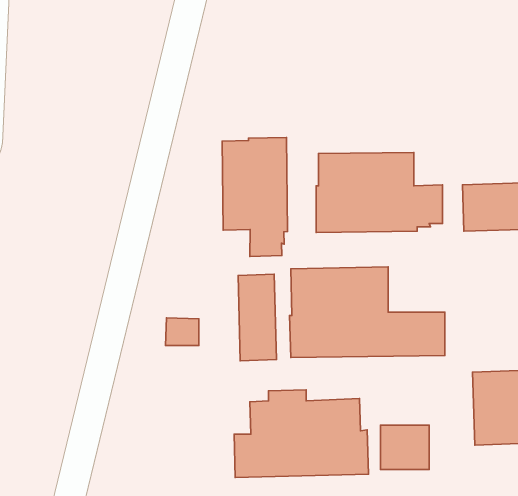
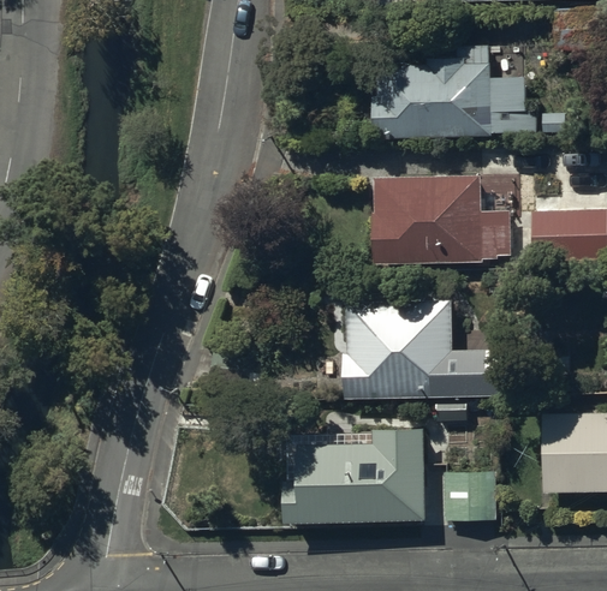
building: none -> [374,44,535,136]
building: [222,137,288,256] -> none
building: [238,274,276,361] -> none

